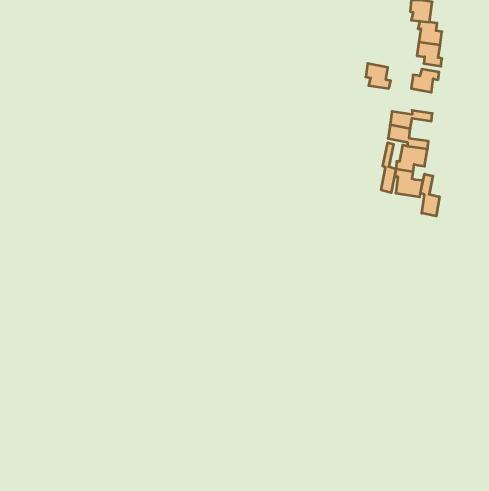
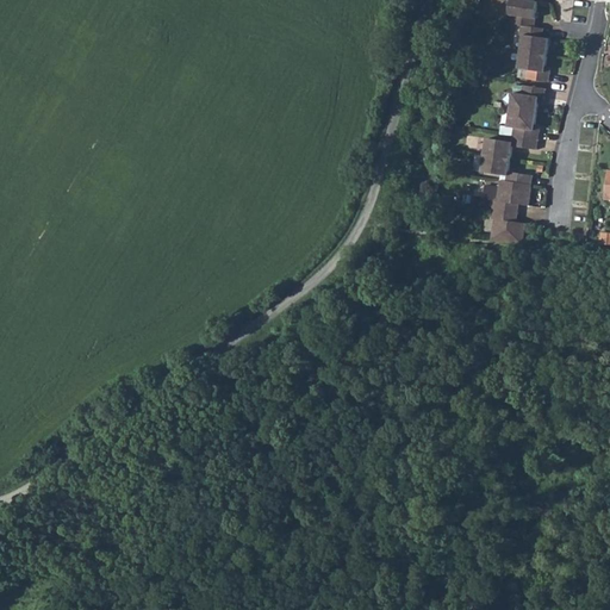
building: [366,63,391,88] -> [508,110,539,141]
building: [381,143,396,193] -> none
building: [420,174,439,216] -> none

